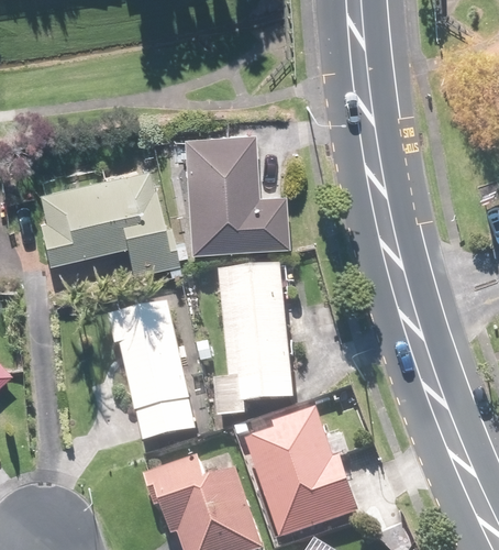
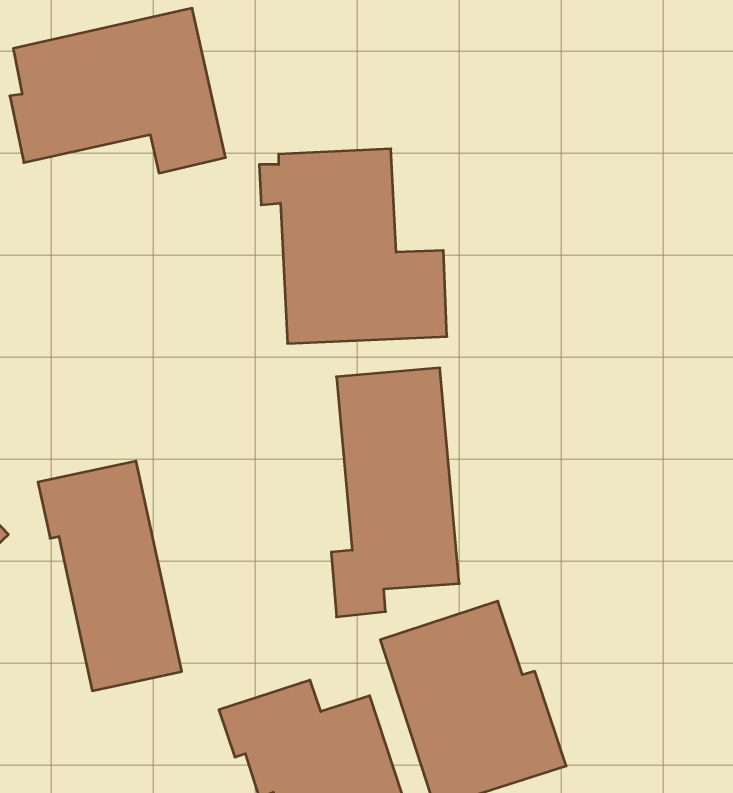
building: [37,169,173,273] -> [10,8,226,173]
building: [109,305,199,449] -> [38,461,182,691]

